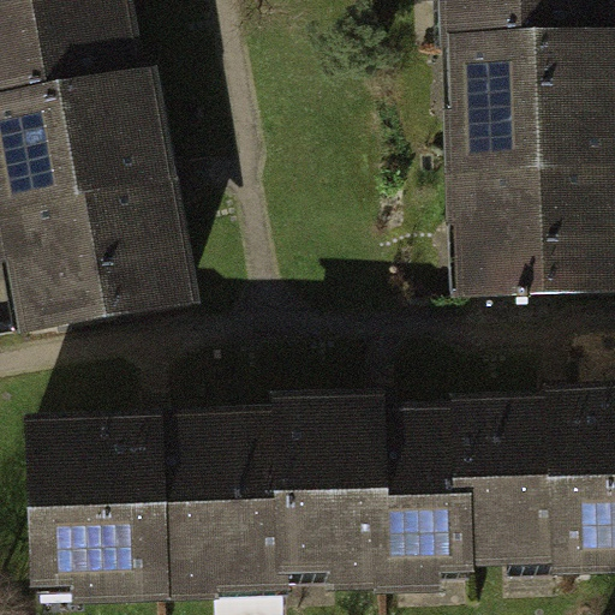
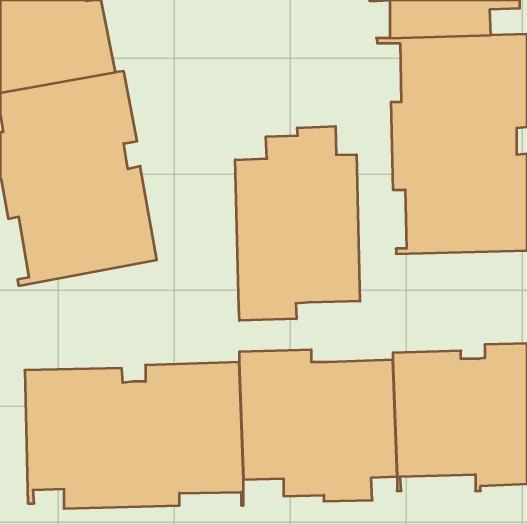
building: none -> [235,126,360,321]

